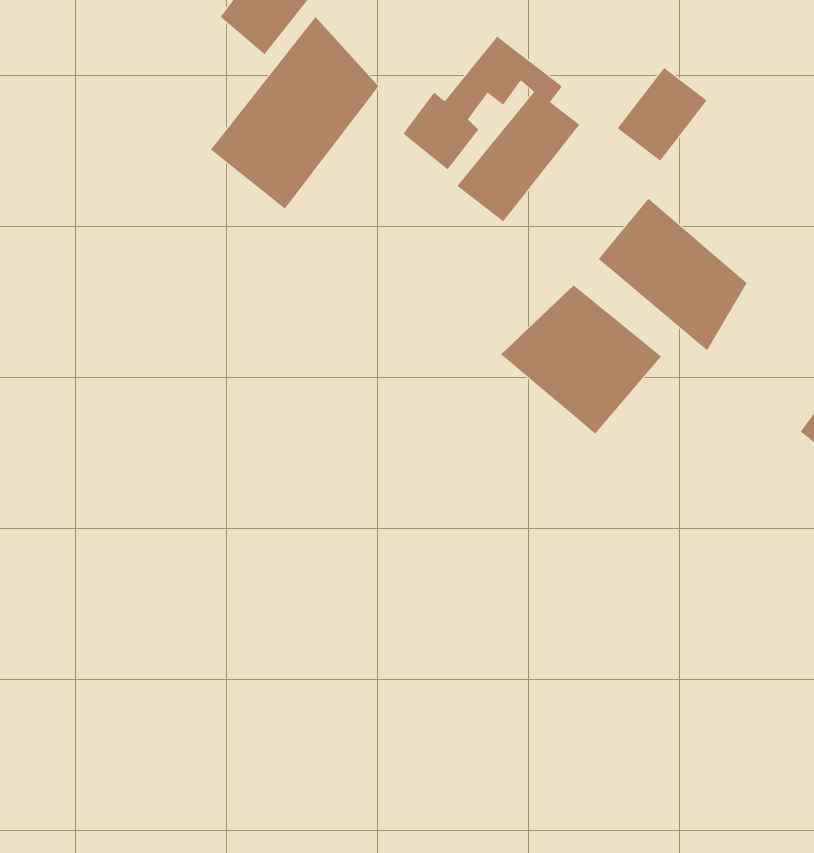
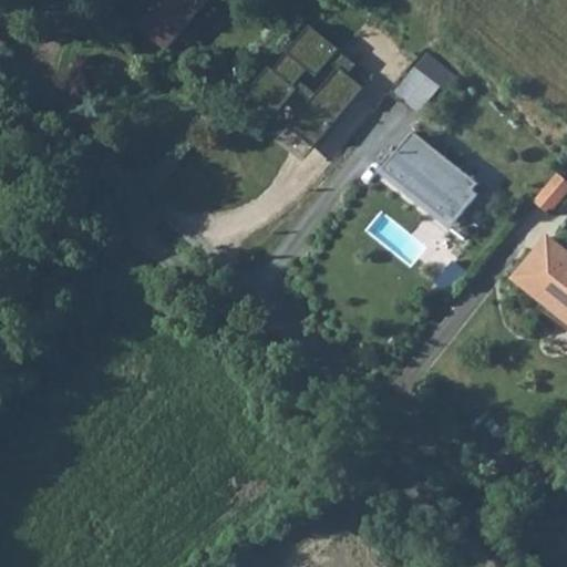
building: [210,16,379,209] -> none
building: [500,285,662,435] -> none

